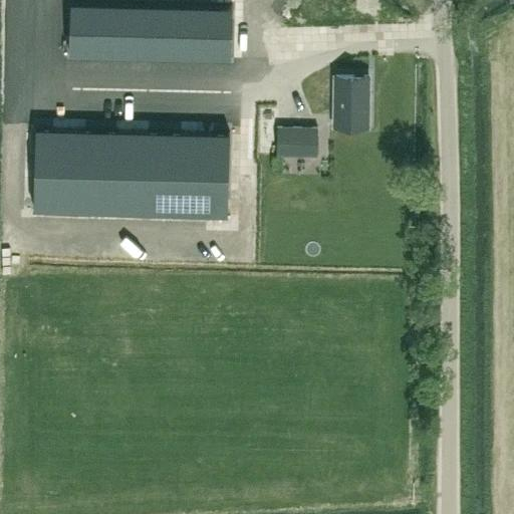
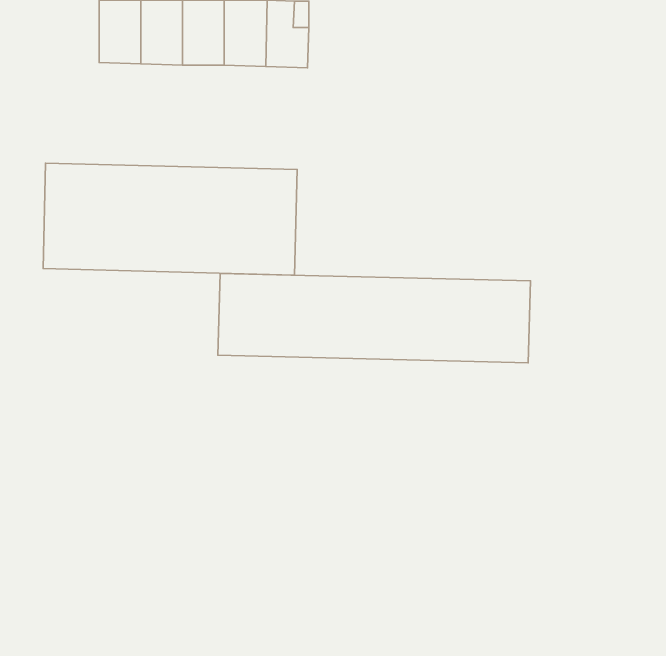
building: [334,81,367,133] -> none
building: [276,133,317,162] -> none
building: none -> [218,273,530,363]

